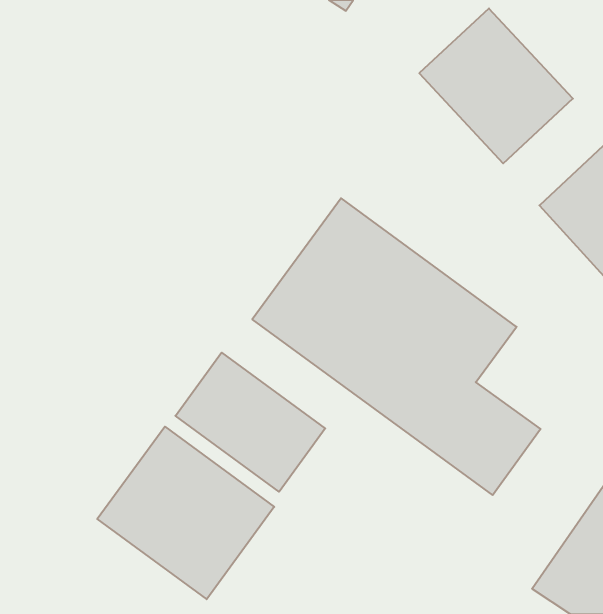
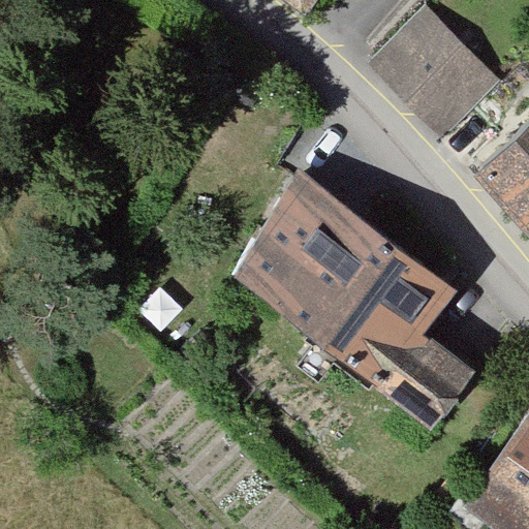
building: [175,353,325,492] -> none
building: [97,427,274,599] -> none

